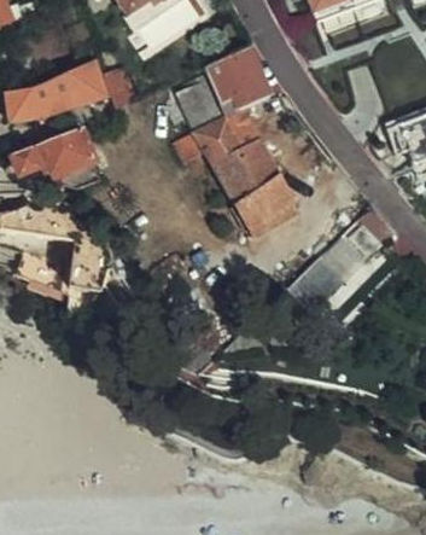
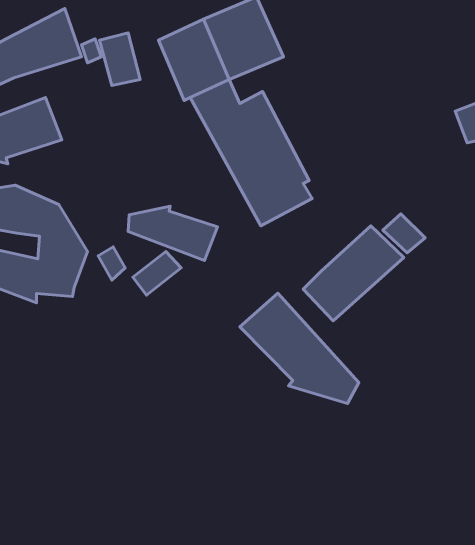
building: none -> [128,206,218,260]
building: none -> [240,293,359,404]

